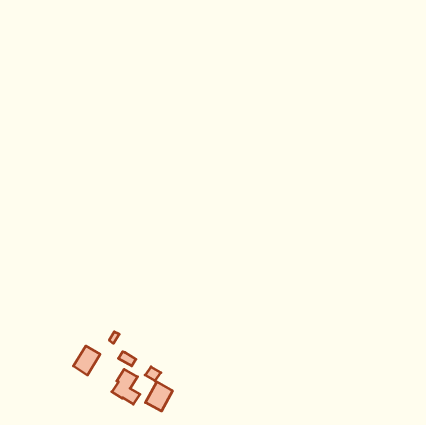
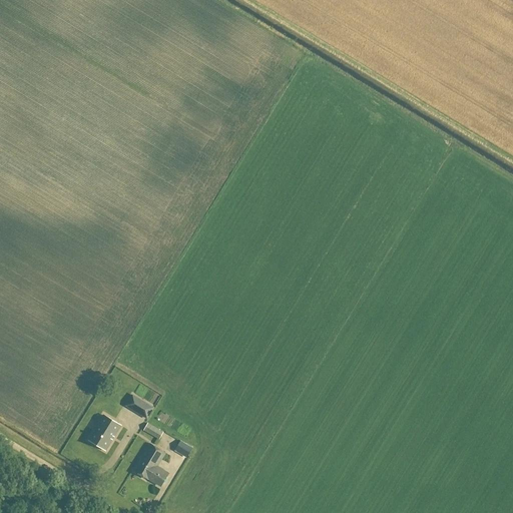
building: [145,382,172,411] -> none

